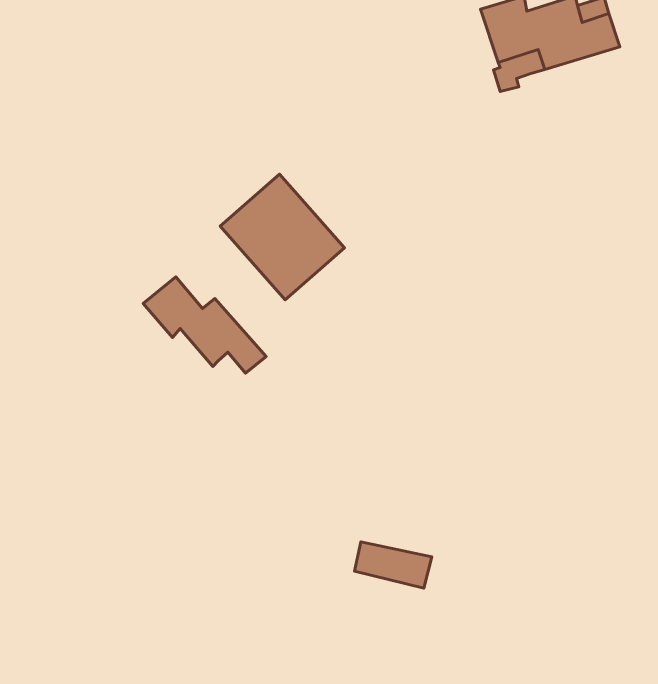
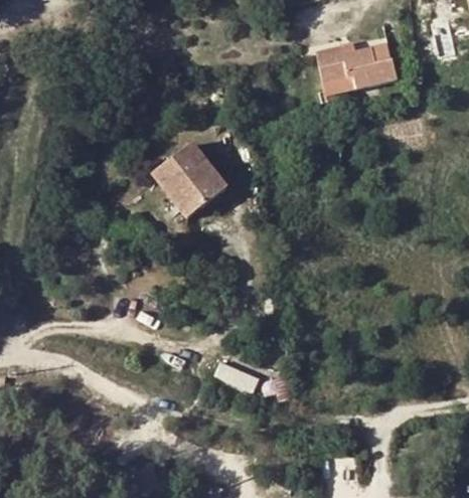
building: [143,277,266,373] -> none

